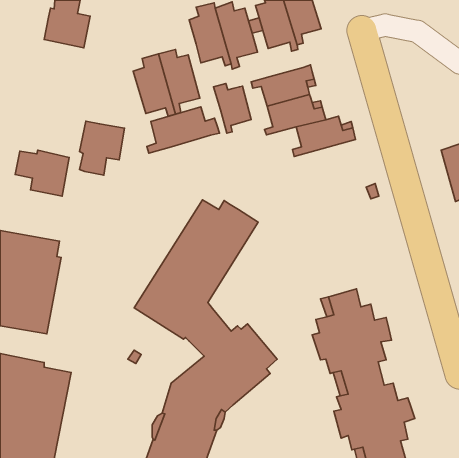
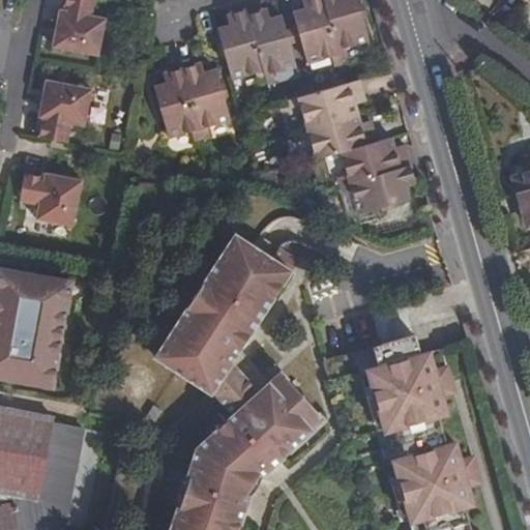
building: [213,83,251,133] -> none
building: [147,107,220,153] -> none
building: [80,121,125,175] -> [38,83,90,145]
building: none -> [340,163,415,208]

